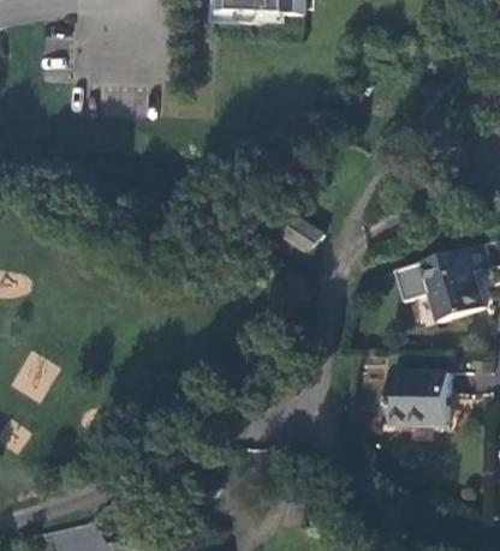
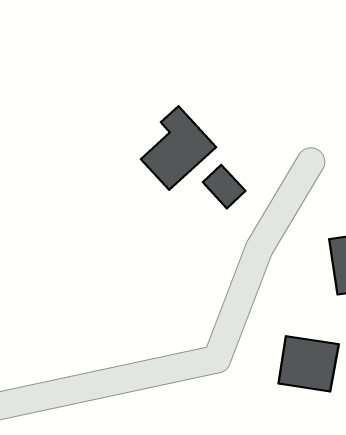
building: none -> [141,106,216,190]

